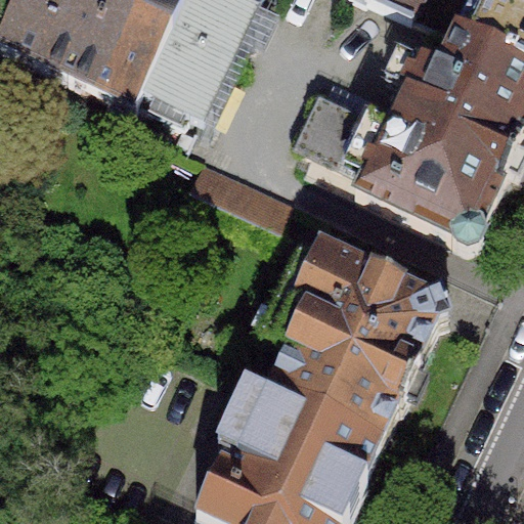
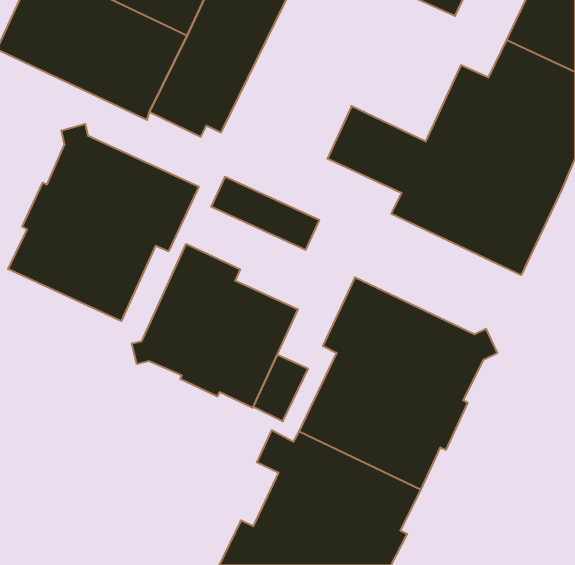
building: none -> [8,124,199,321]
building: none -> [132,244,298,408]

